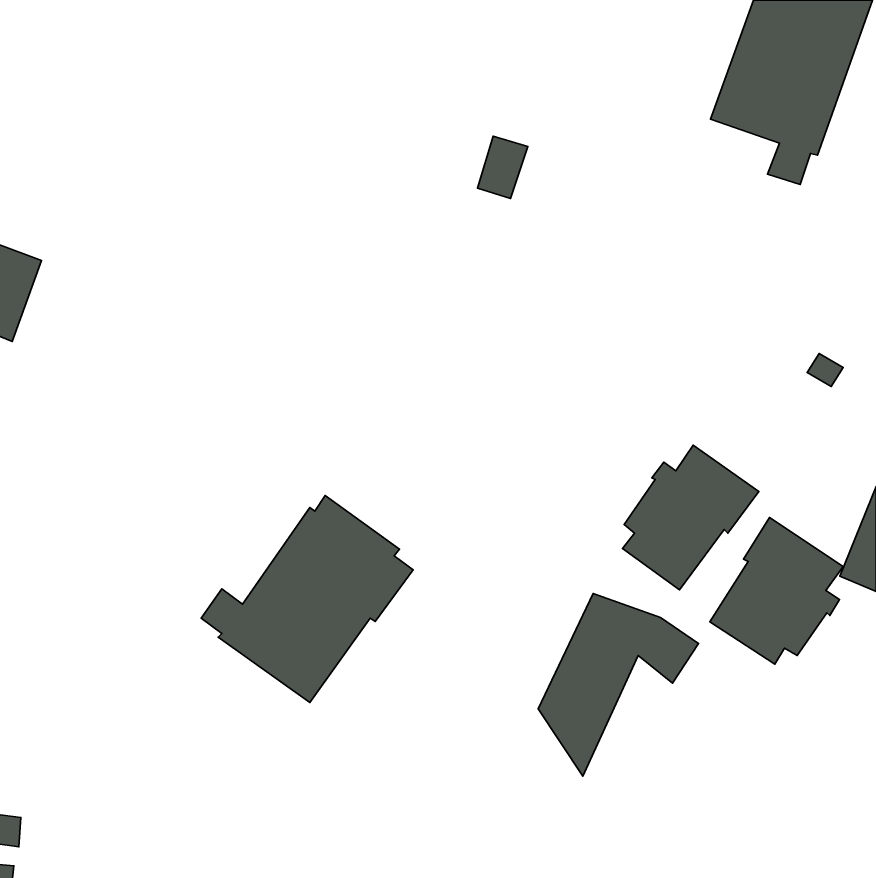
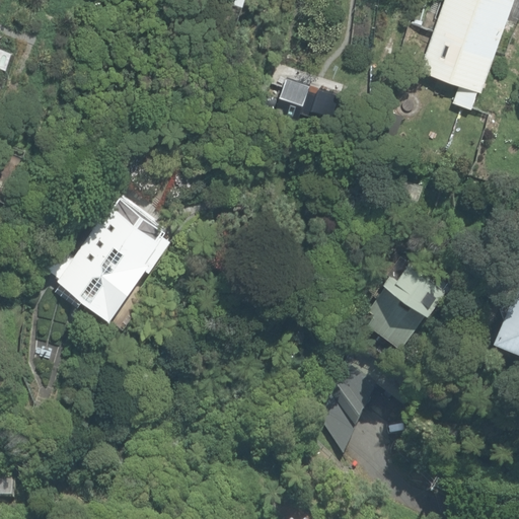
building: [201,496,413,703] -> [46,197,170,318]
building: [710,517,843,664] -> none

